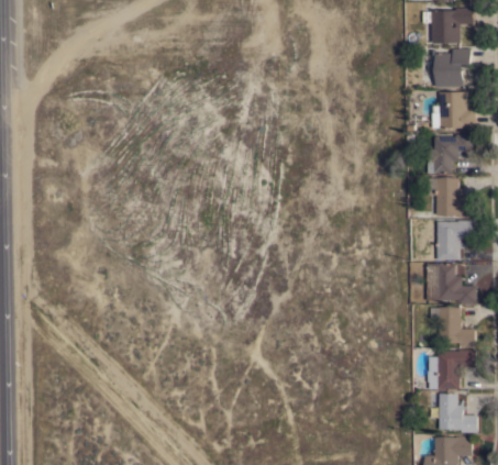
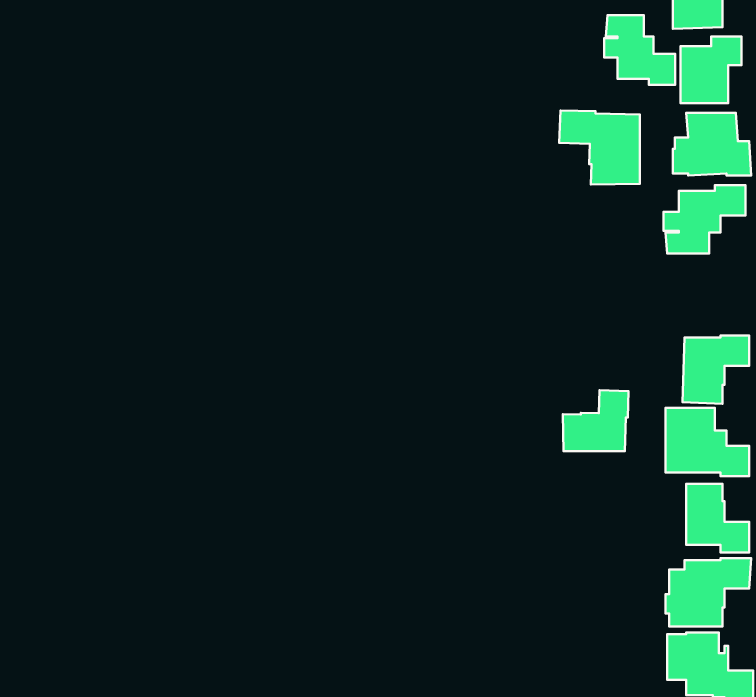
building: none -> [604,15,675,85]
building: none -> [559,110,640,184]
building: [436,178,473,217] -> none
building: none -> [563,390,628,451]

